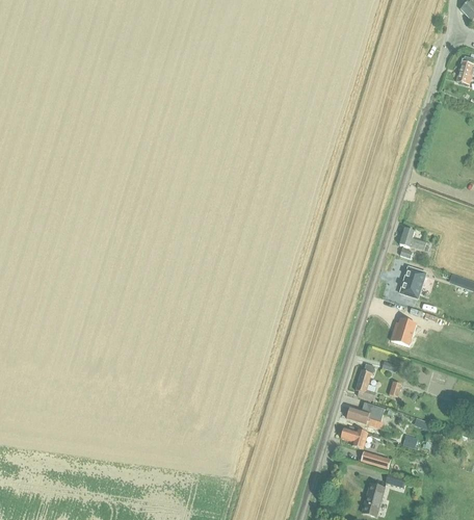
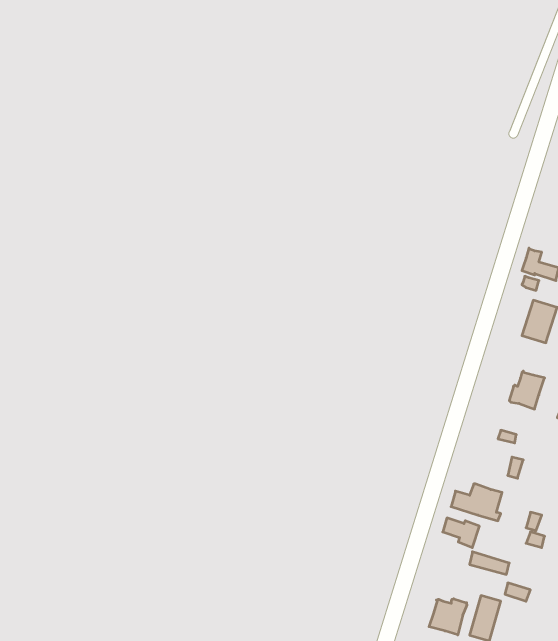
building: [354,363,375,399] -> none
building: none -> [429,599,467,635]

